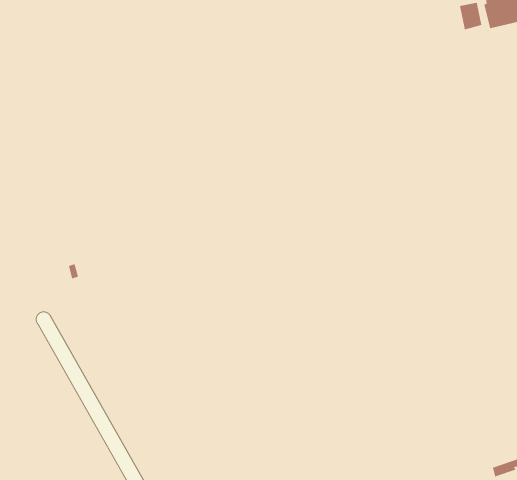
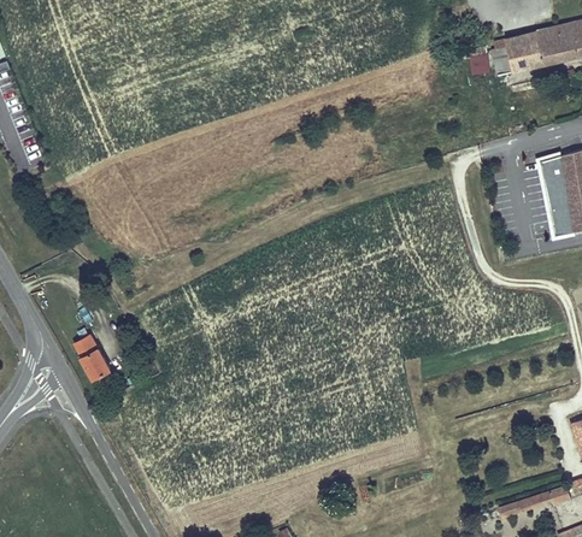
building: none -> [74,335,110,379]

